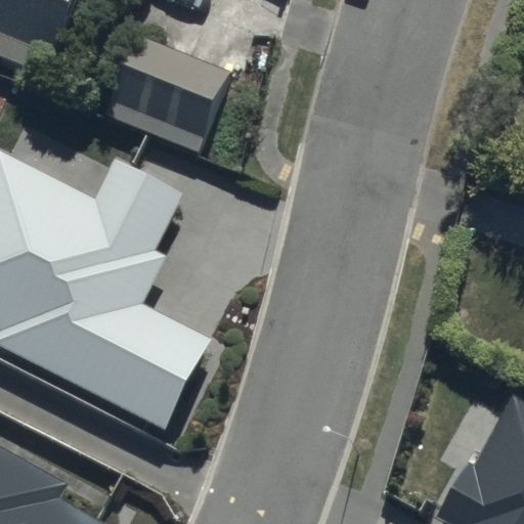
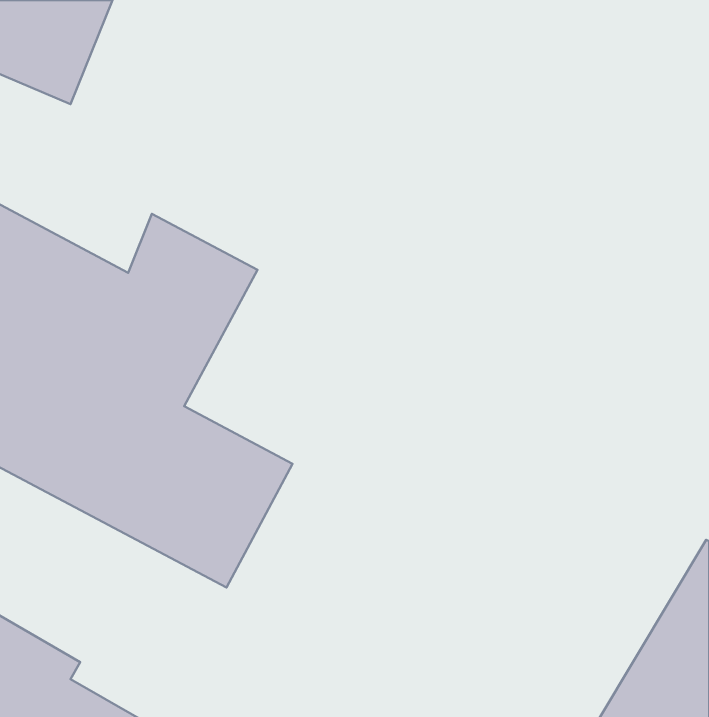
building: [92,29,232,161] -> none

